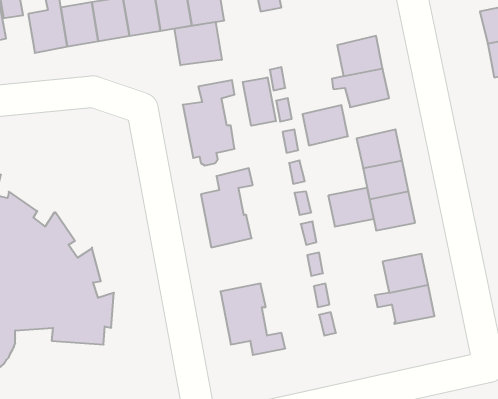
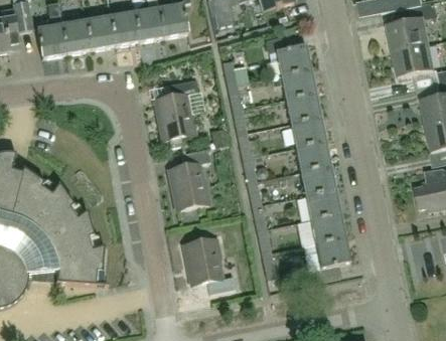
building: [175,22,222,65] -> none
building: [243,77,276,126] -> none
building: [302,105,348,145] -> [286,93,321,124]
building: [328,188,374,227] -> [306,189,341,219]

